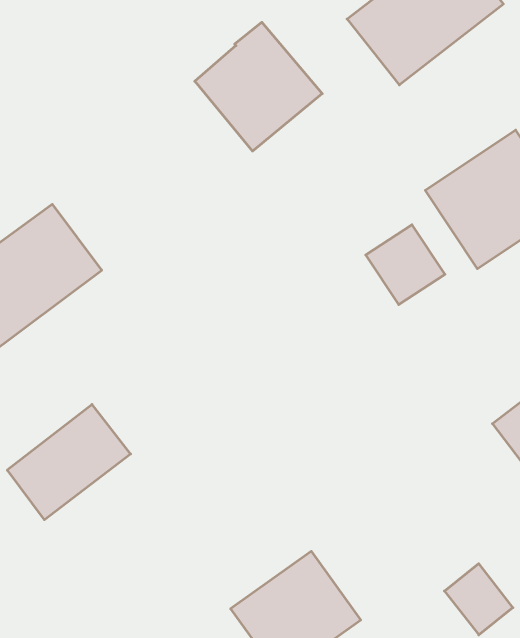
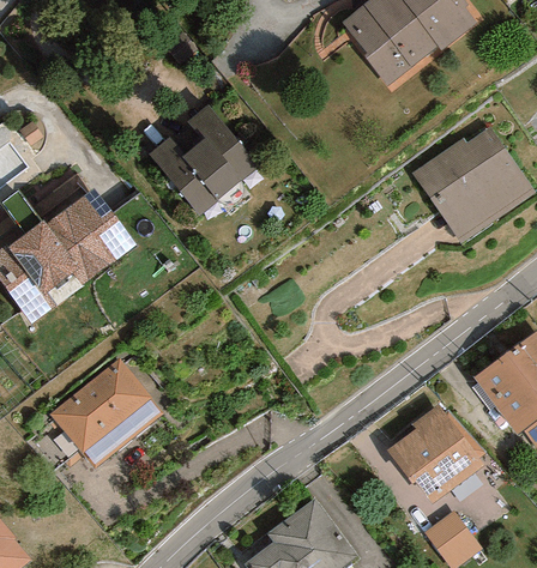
building: [195,22,322,151] -> [156,108,267,220]
building: [366,225,445,305] -> none
building: none -> [386,407,484,506]

